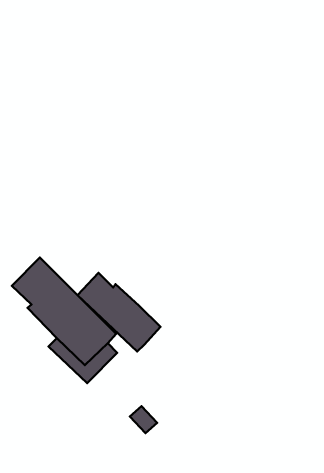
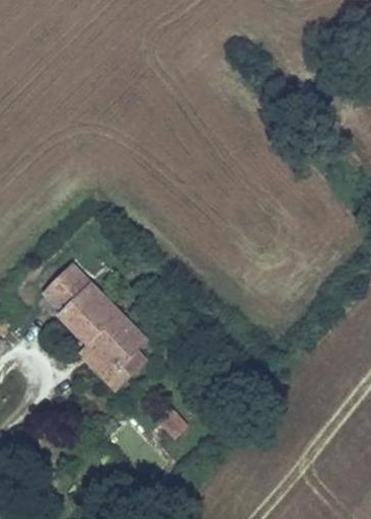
building: [78,273,160,352] -> none

